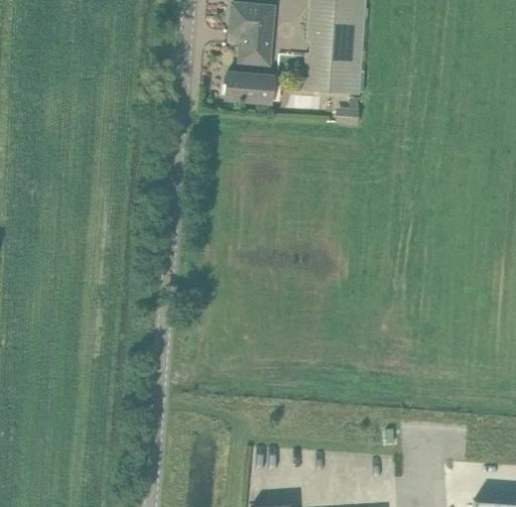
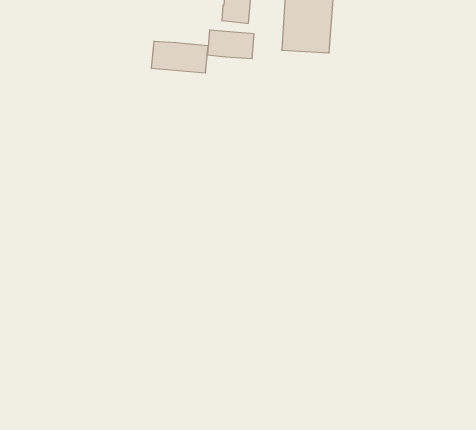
building: none -> [151,41,208,73]

